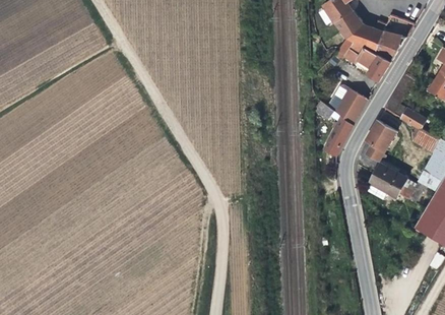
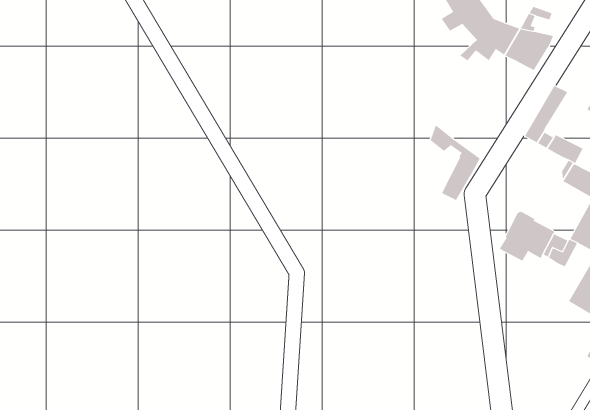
building: [331,47,391,80] -> none
building: [334,87,368,125] -> none
building: [365,120,396,162] -> none

